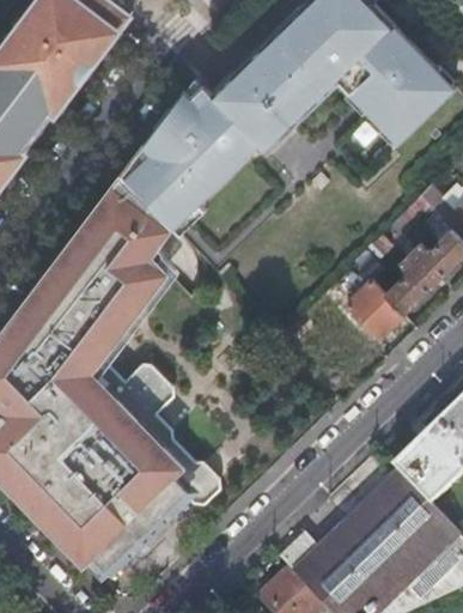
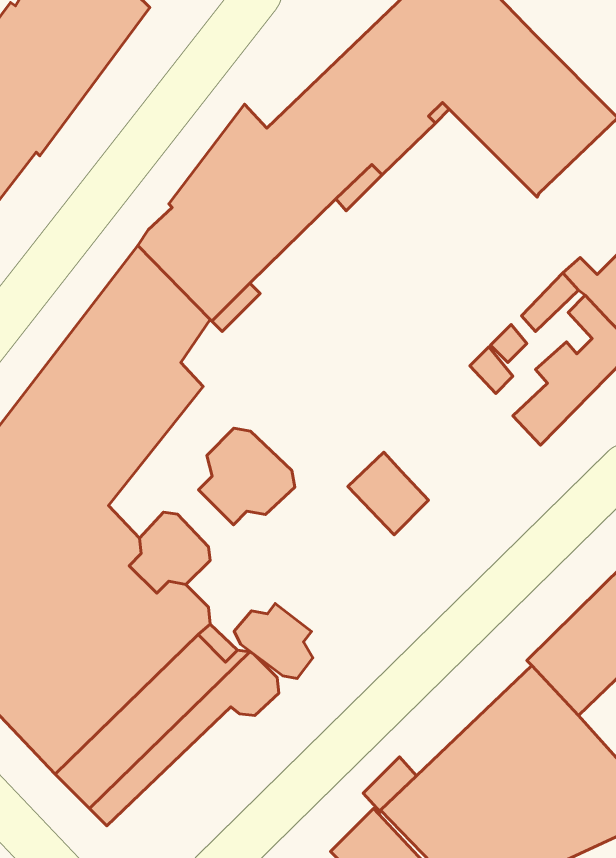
building: [345,283,401,340] -> [348,452,429,535]
building: none -> [198,428,295,525]
building: none -> [234,604,313,678]

